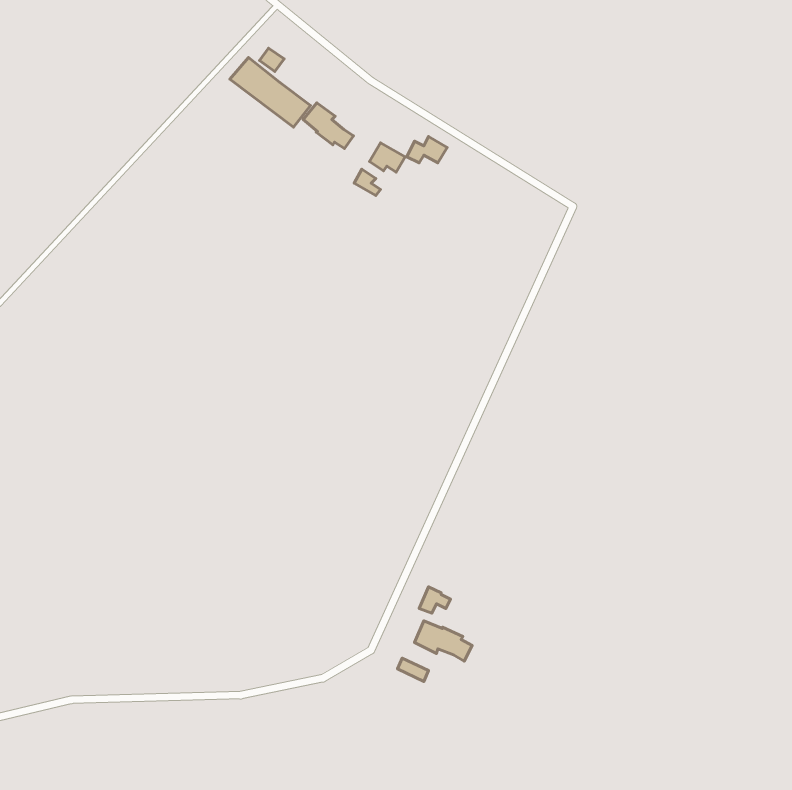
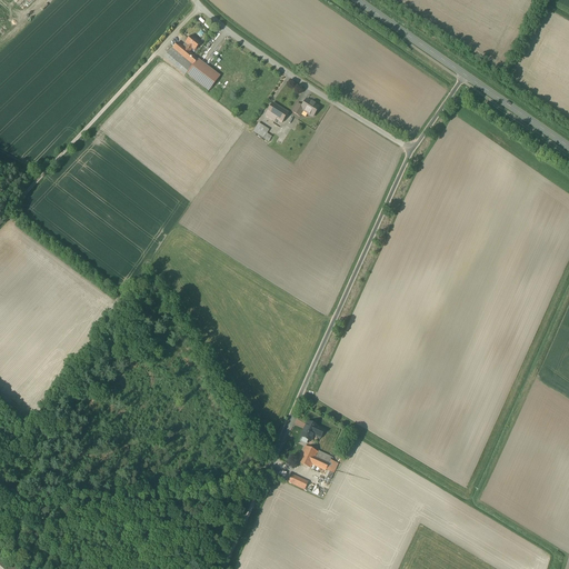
building: [303,103,354,149] -> none

